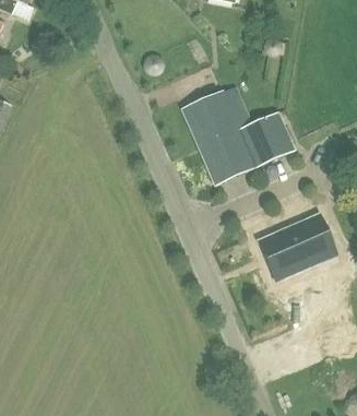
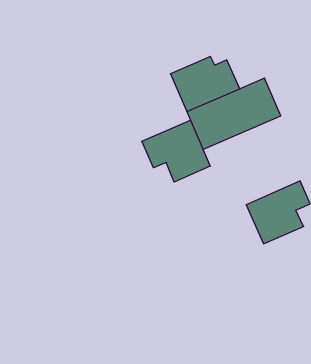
building: none -> [142,120,210,182]

